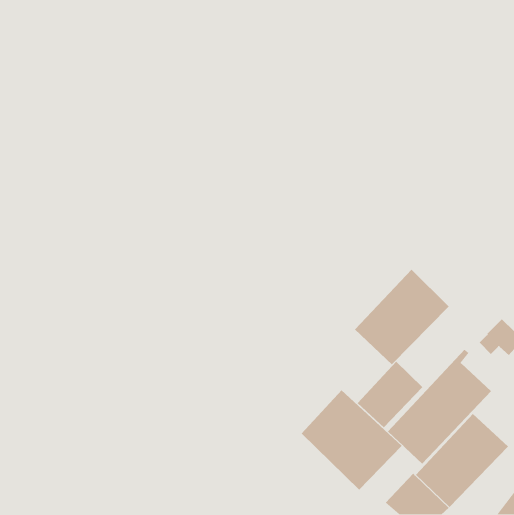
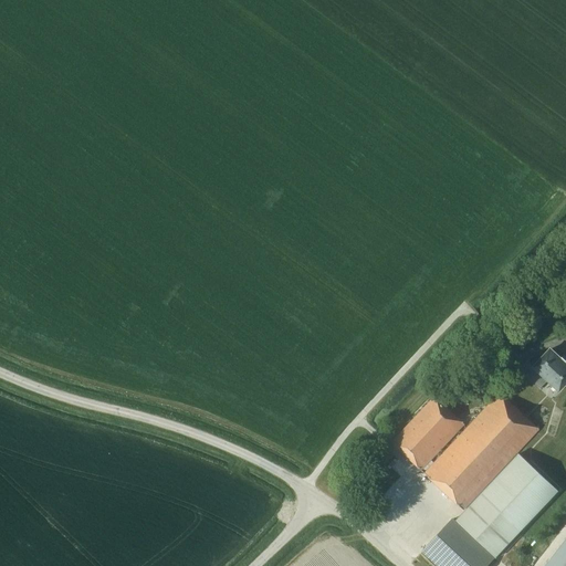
building: [354,269,449,365] -> none
building: [301,389,402,490] -> none

